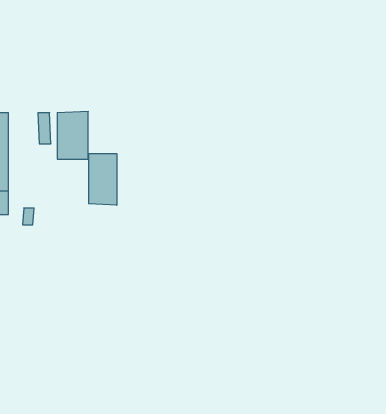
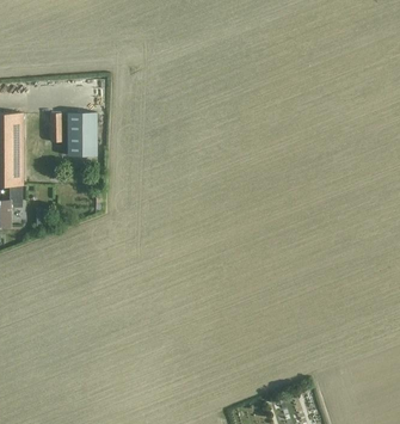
building: [89,154,117,205] -> none

